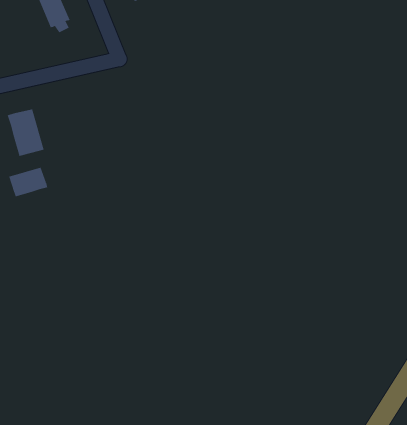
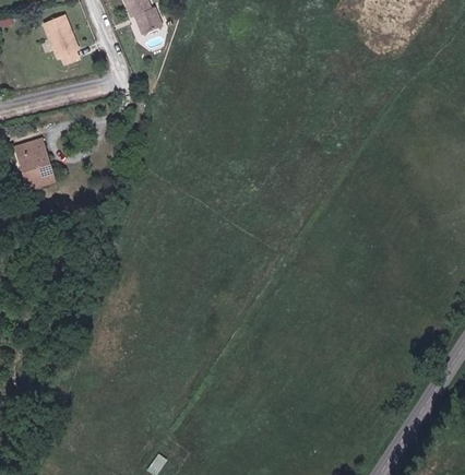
building: [9,167,48,197] -> none

